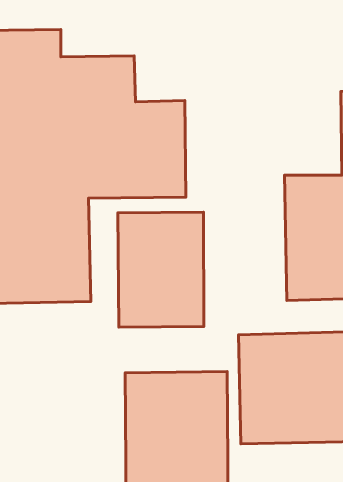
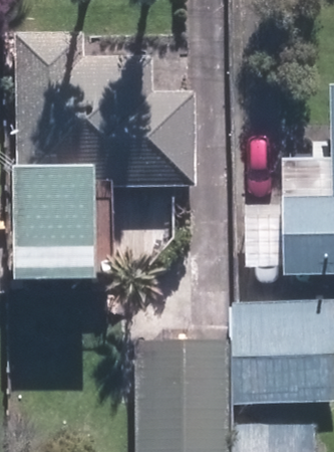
building: [118,212,204,327] -> none

